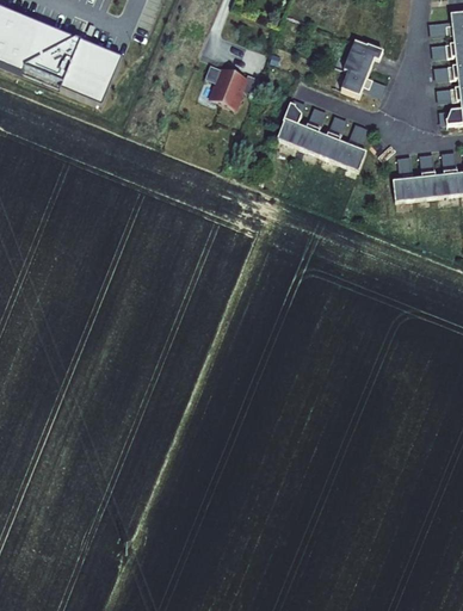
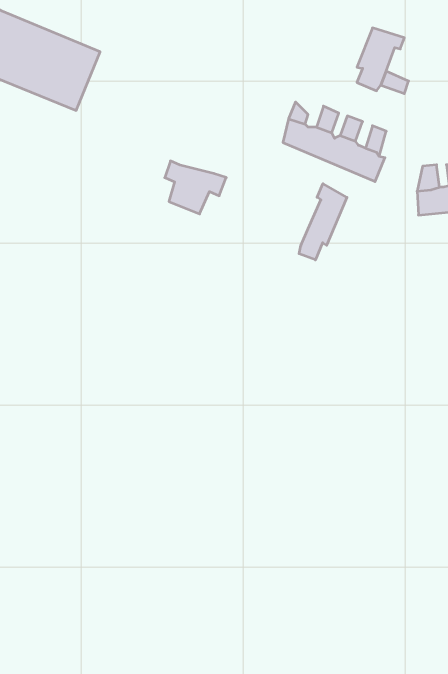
building: [208,62,260,107] -> [165,161,226,214]
building: none -> [299,184,347,260]

